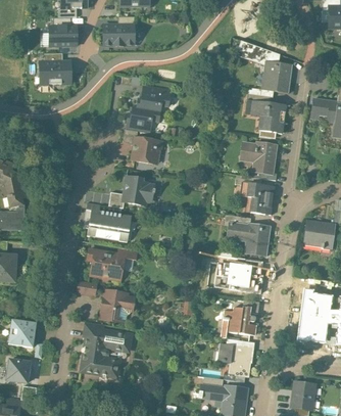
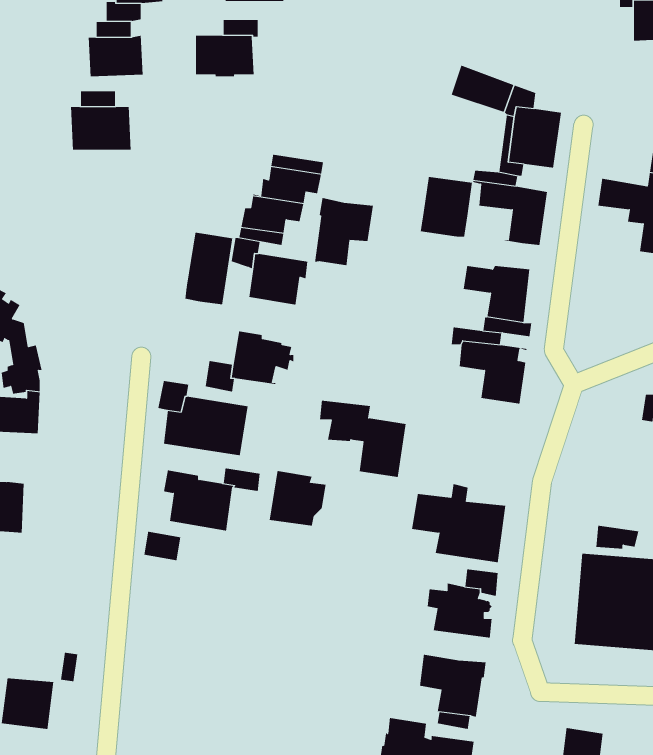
building: none -> [420,176,473,238]
building: none -> [314,197,374,266]
building: none -> [185,232,233,305]
building: [225,215,270,255] -> [319,400,406,477]
building: [305,220,333,249] -> none
building: [102,291,132,320] -> [269,471,326,526]
building: [8,319,36,346] -> none
building: [81,321,130,376] -> none

